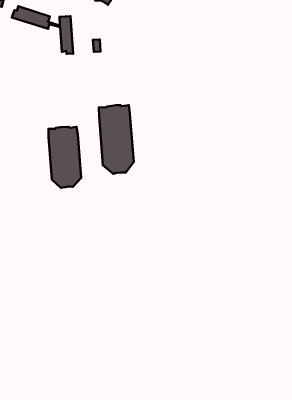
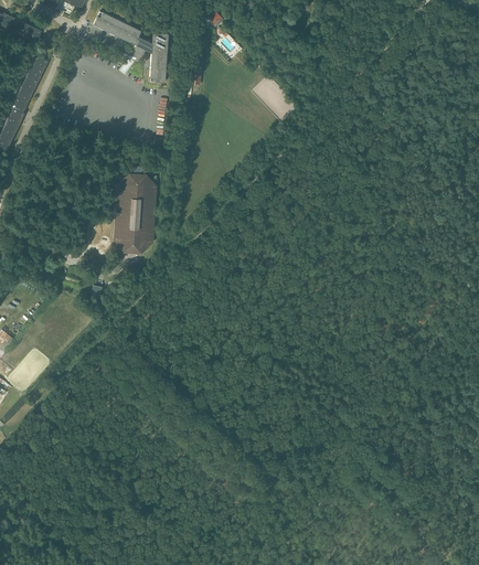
building: [99,105,134,174] -> none

